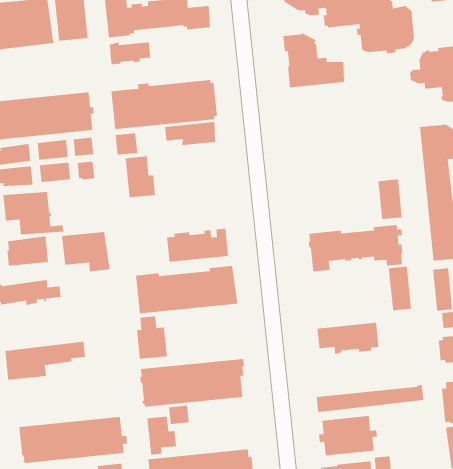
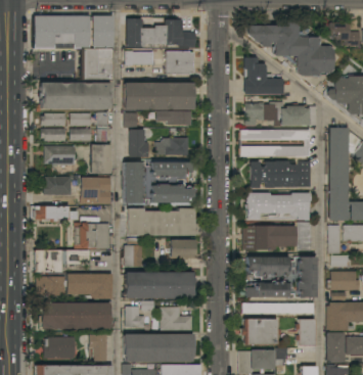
building: none -> [167,52,194,75]
building: none -> [81,49,112,81]
building: none -> [246,102,318,126]
building: none -> [241,130,311,157]
building: none -> [156,138,189,155]
building: none -> [251,162,296,188]
building: none -> [92,145,111,175]
building: none -> [152,162,193,180]
building: none -> [125,162,143,203]
building: none -> [246,222,297,251]
building: none -> [76,224,108,248]
building: none -> [171,240,196,259]
building: none -> [298,257,317,297]
building: none -> [247,281,289,297]
building: none -> [37,274,112,299]
building: none -> [297,320,316,346]
building: none -> [162,308,193,331]

